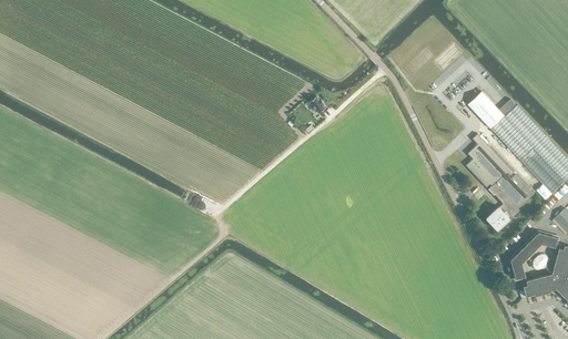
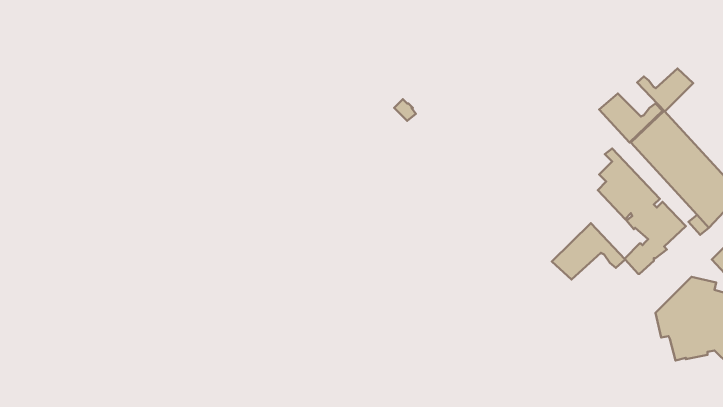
building: none -> [637,69,693,112]
building: none -> [552,223,625,280]

